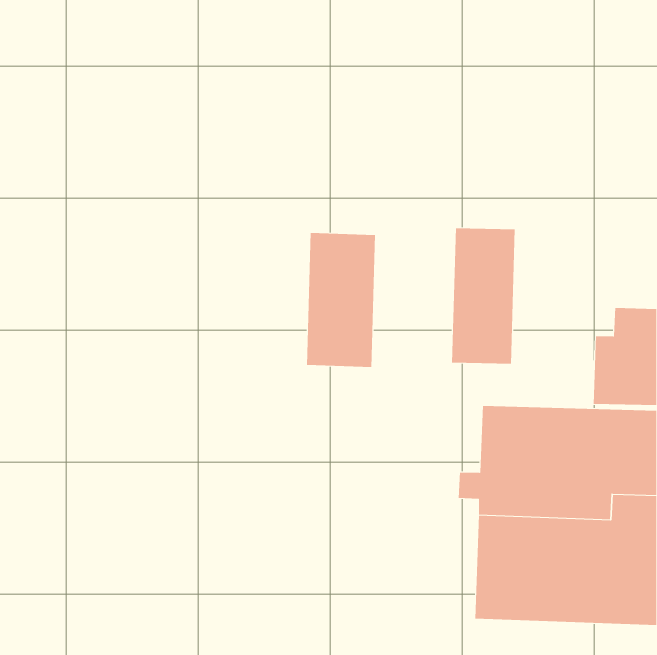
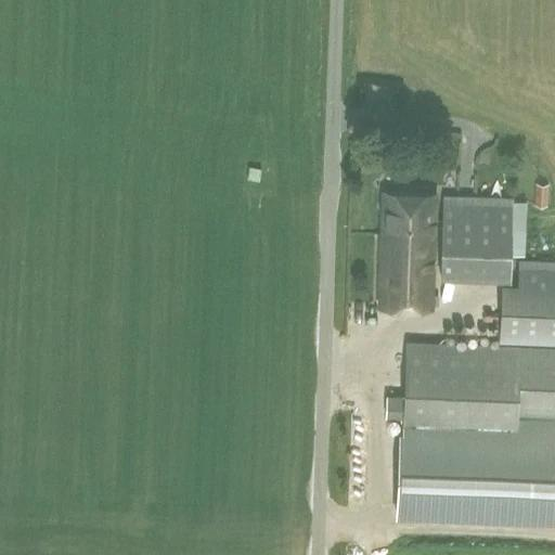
building: none -> [441,196,513,280]
building: [307,232,376,368] -> none

